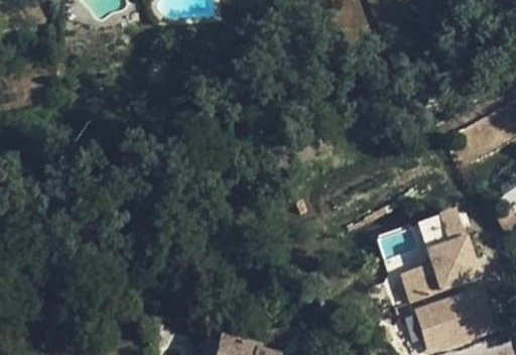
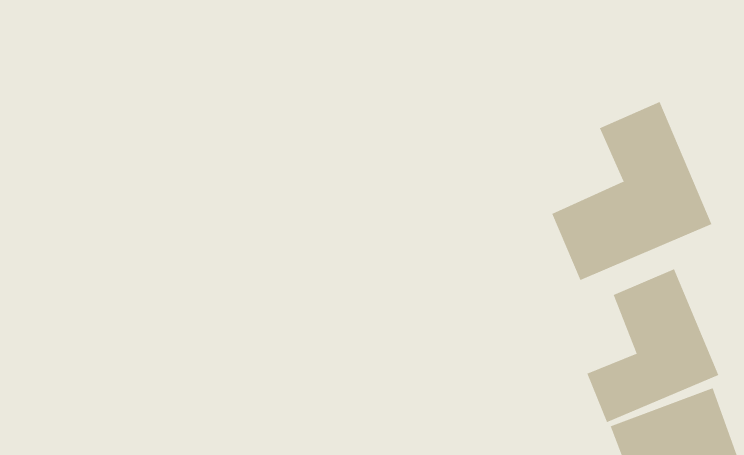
building: none -> [552,101,712,281]

